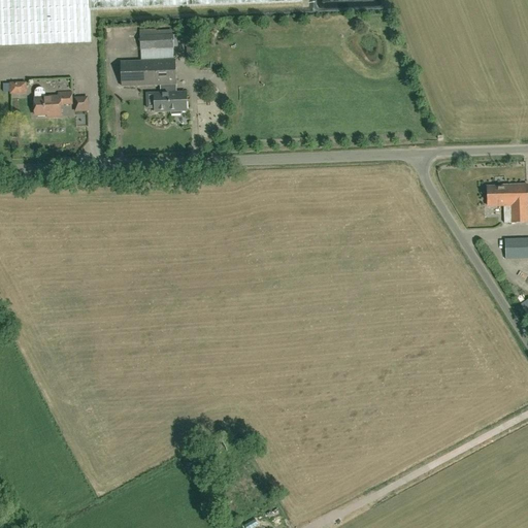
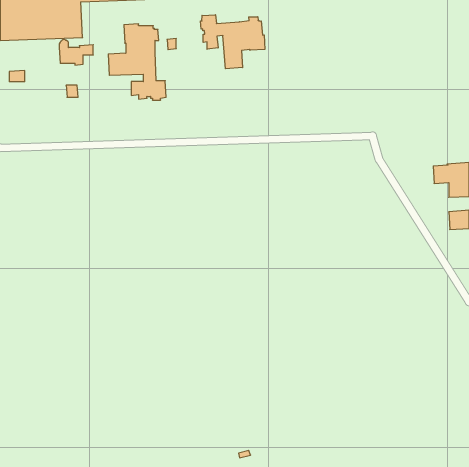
building: none -> [200,15,265,69]
building: [34,86,72,114] -> [59,39,93,65]

